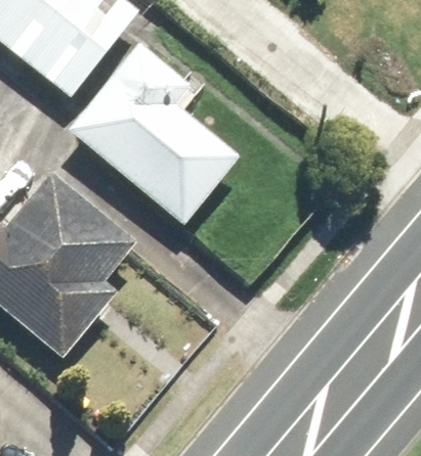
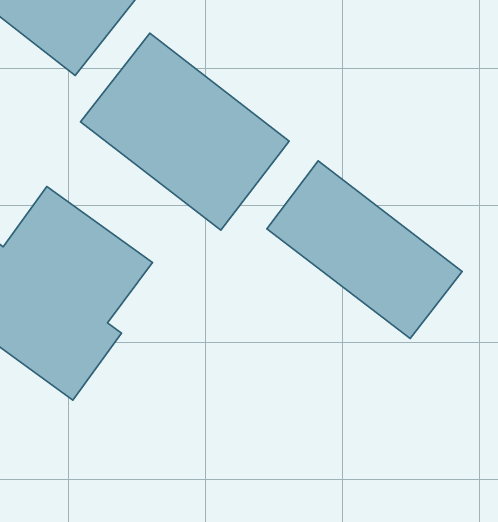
building: none -> [267,161,462,339]

